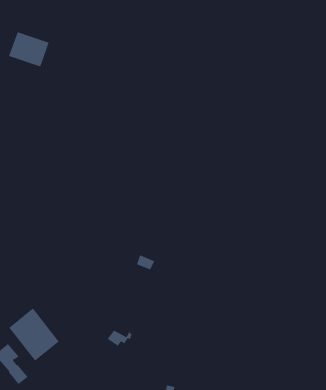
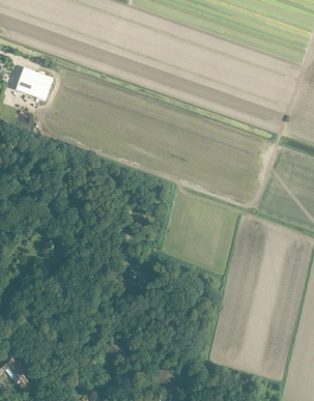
building: [8,308,59,362] -> none

